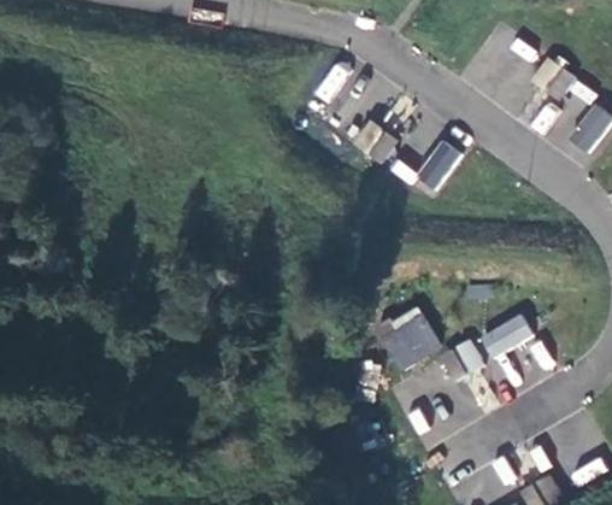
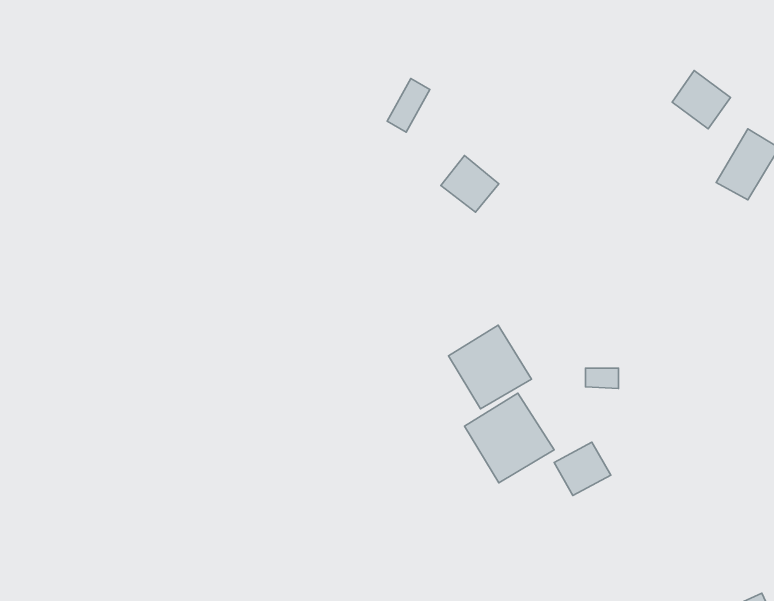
building: [413,140,460,192] -> none
building: none -> [448,325,532,409]
building: [477,312,532,360] -> none

